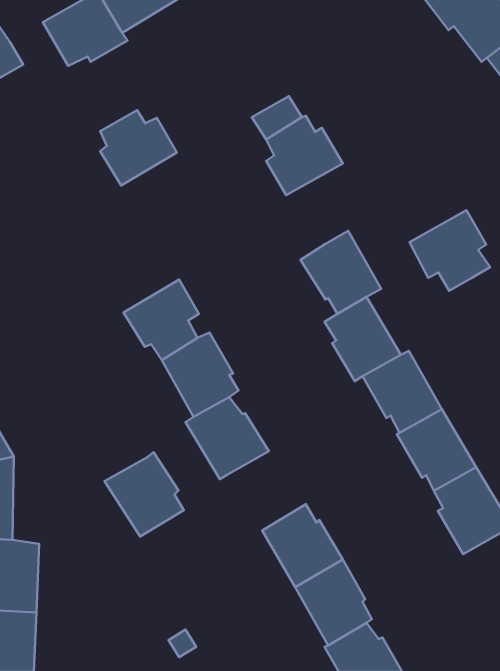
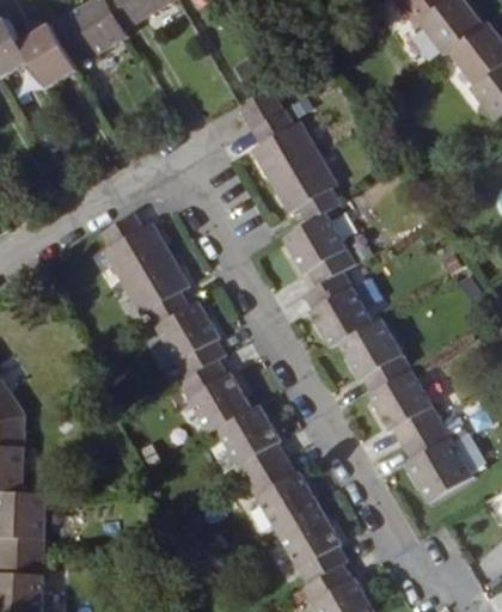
building: none -> [19,22,76,86]
building: [100,110,177,185] -> [103,216,172,284]
building: [410,210,490,291] -> [269,149,342,222]
building: [105,452,184,537] -> [215,405,287,482]

